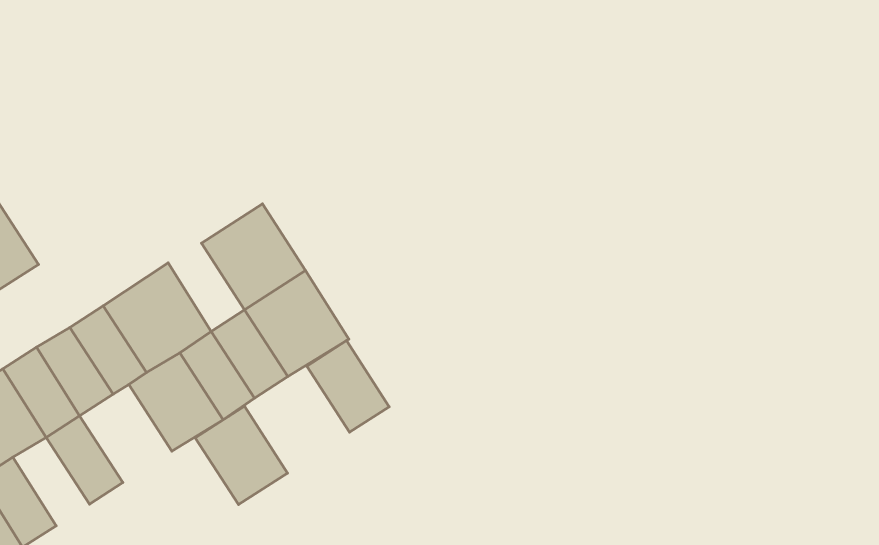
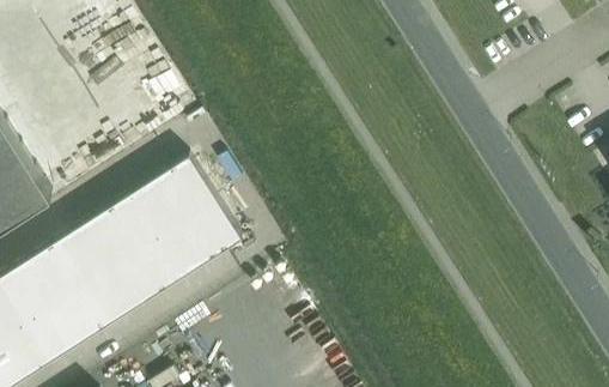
building: none -> [124,185,171,238]
building: [307,341,389,432] -> none
building: [195,406,288,504] -> [71,271,127,331]
building: none -> [30,303,77,357]

